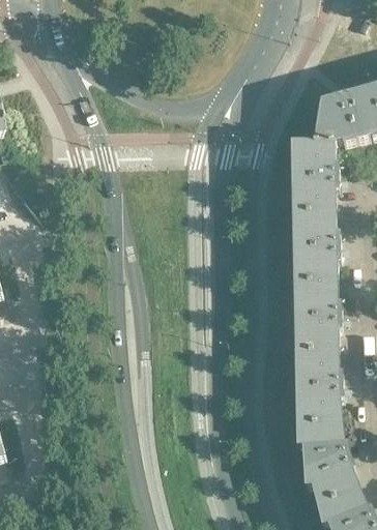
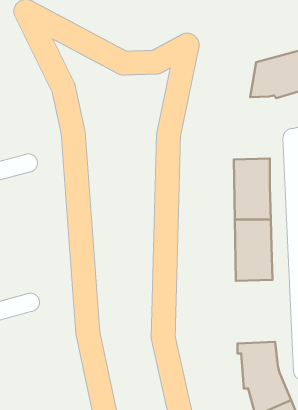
building: [290,136,334,208] -> none
building: [294,347,340,420] -> none

